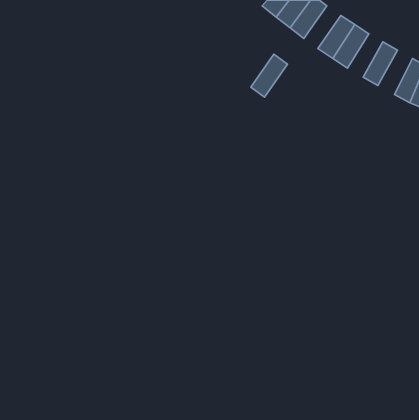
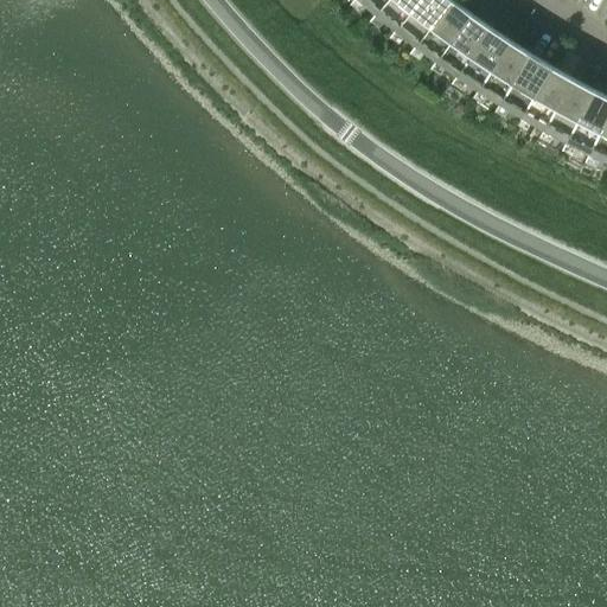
building: none -> [503,49,554,111]
building: none -> [547,72,596,136]
building: [251,54,288,97] -> [440,8,493,70]

